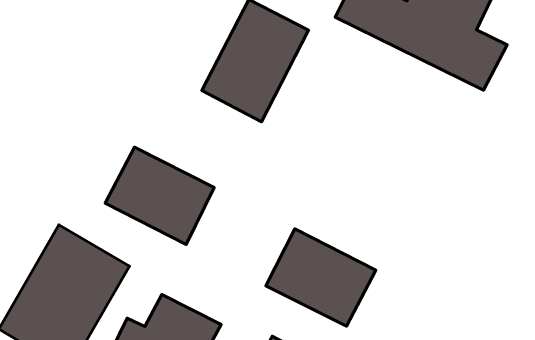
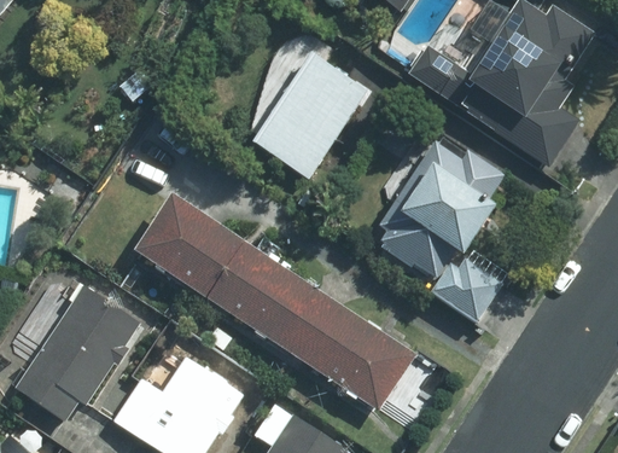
building: none -> [369,134,508,320]
building: none -> [216,246,334,358]

